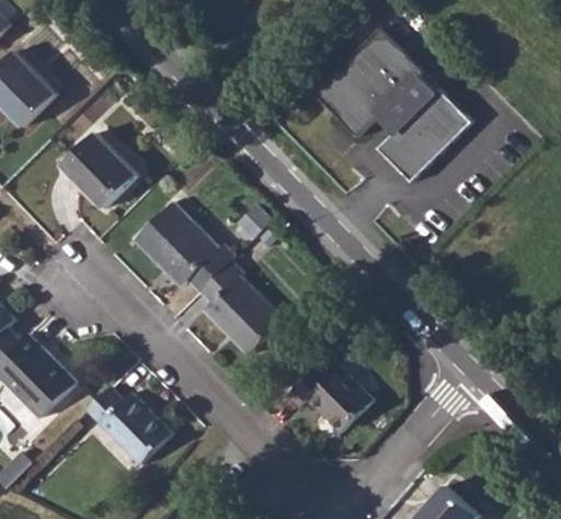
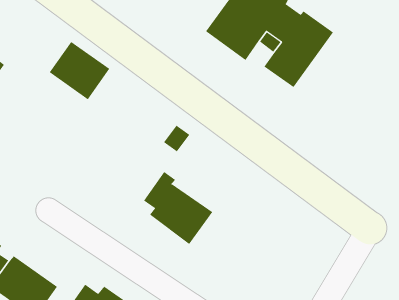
building: [61,132,138,209] -> [49,41,110,100]
building: [136,204,234,292] -> none
building: [285,364,374,434] -> none

